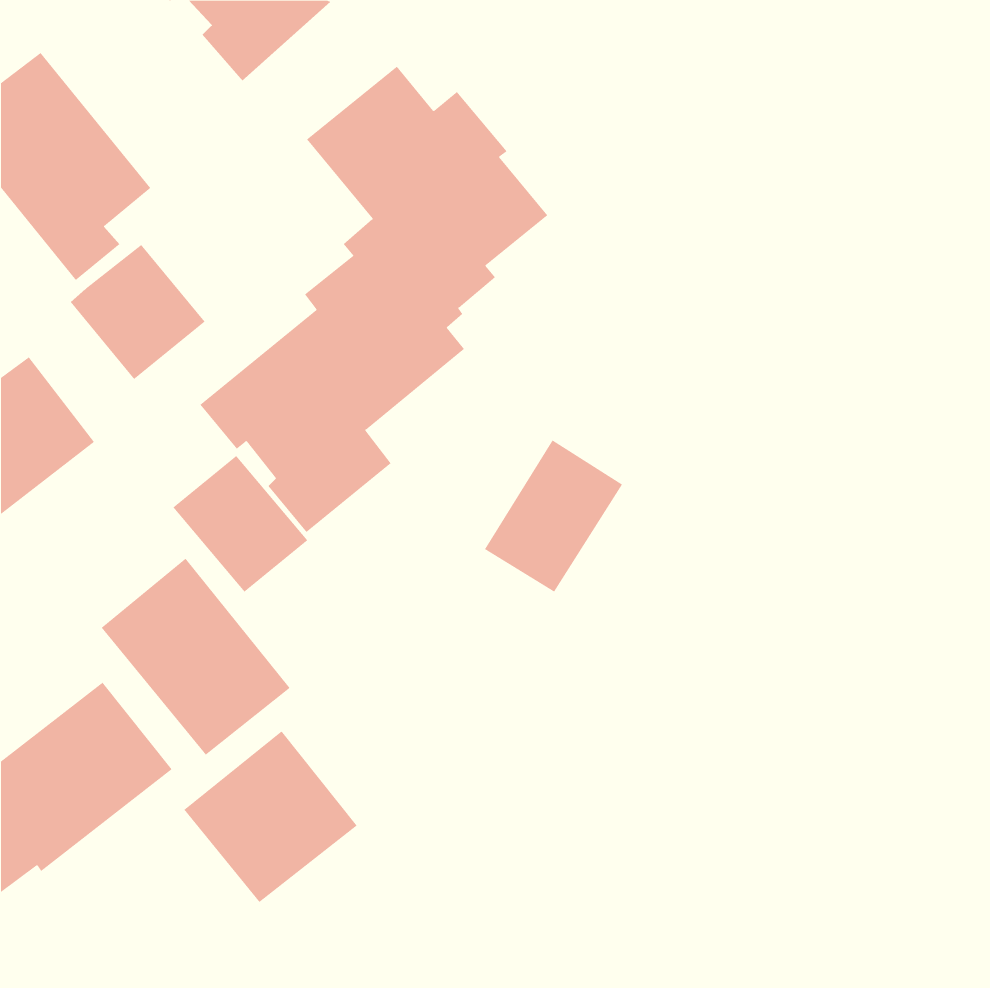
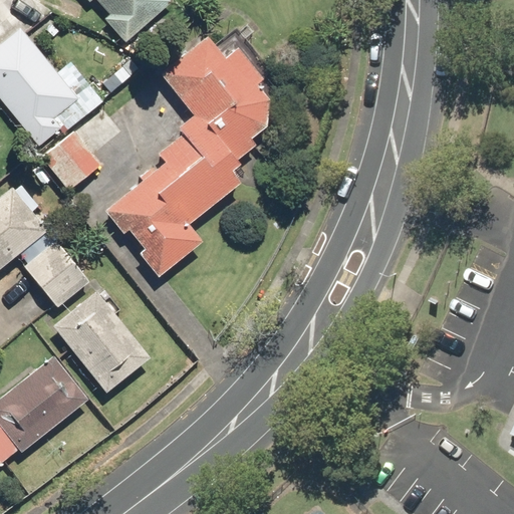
building: [484,440,623,593] -> none
building: [173,455,308,593] -> [21,240,91,311]
building: [184,730,358,903] -> none

